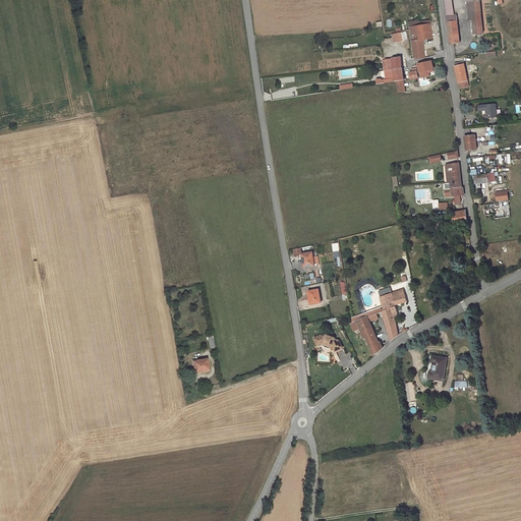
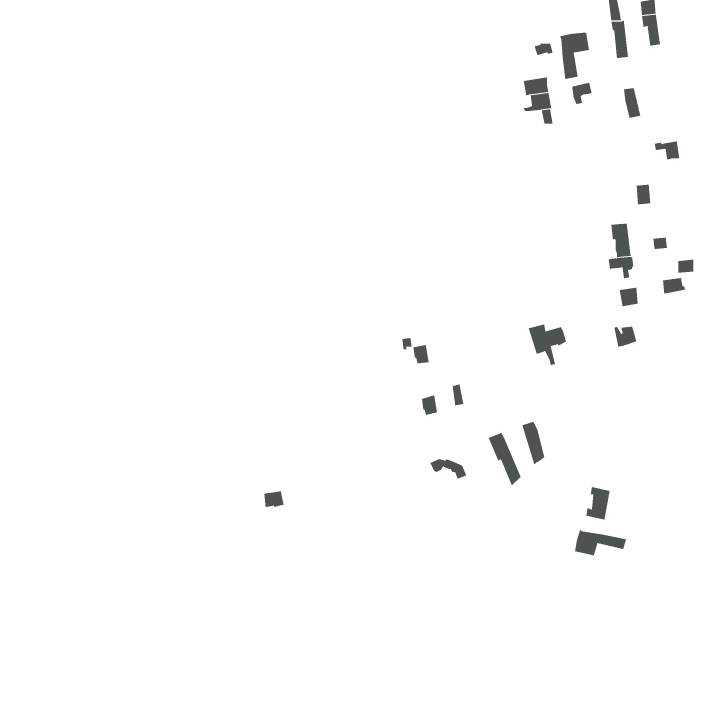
building: [378,287,406,317] -> [528,324,567,366]
building: none -> [575,529,627,556]

